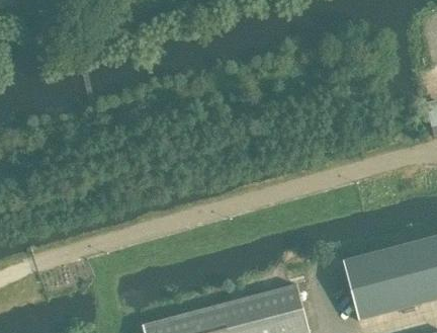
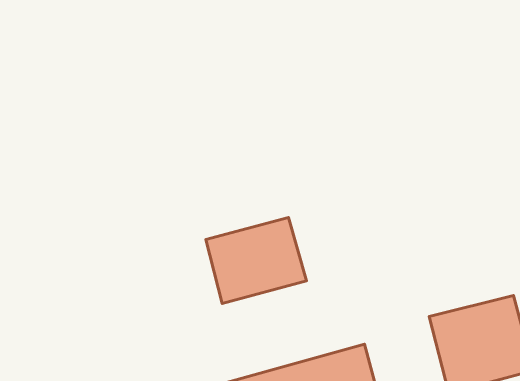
building: none -> [206,217,306,303]

